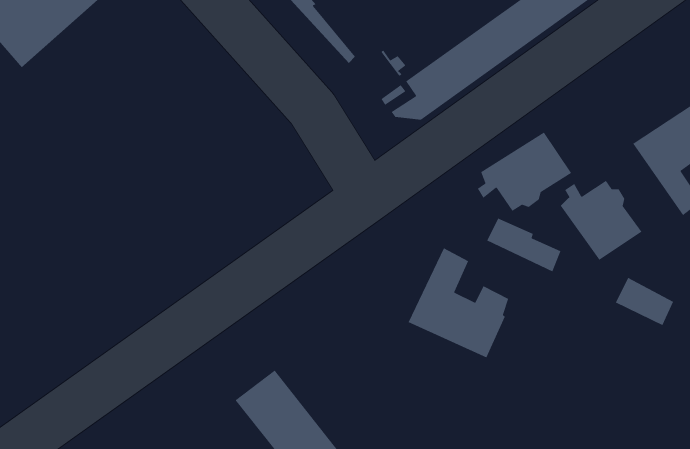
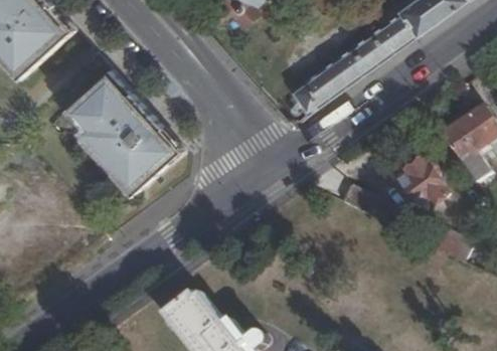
building: none -> [56,73,183,203]
building: [477,131,572,212] -> none
building: [408,247,509,358] -> none

